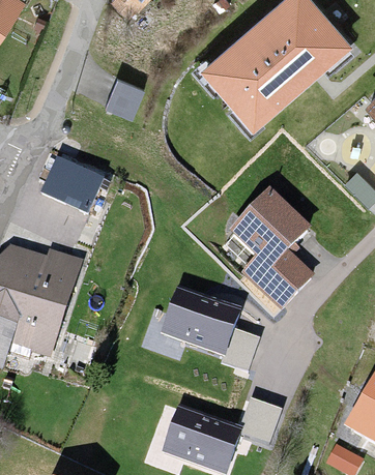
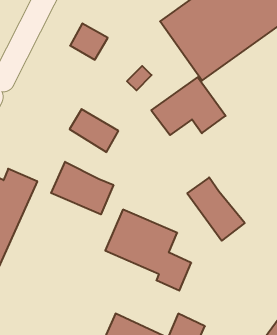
building: [45,162,99,208] -> [70,109,118,152]
building: [224,194,308,261] -> [151,77,226,135]
building: none -> [51,162,113,214]

